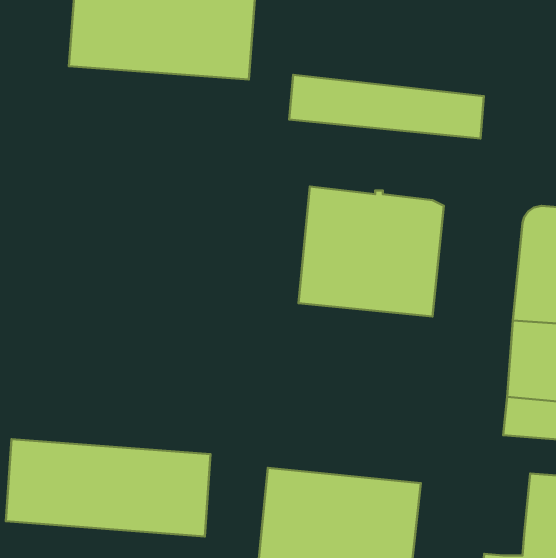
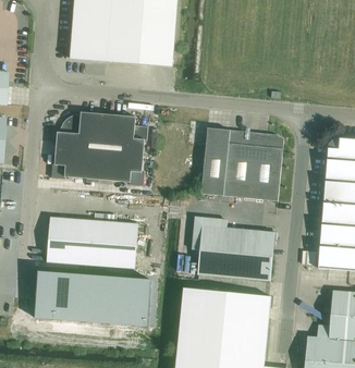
building: [289,75,484,139] -> none
building: none -> [51,109,148,185]
building: none -> [47,214,138,268]
building: none -> [198,224,277,280]

